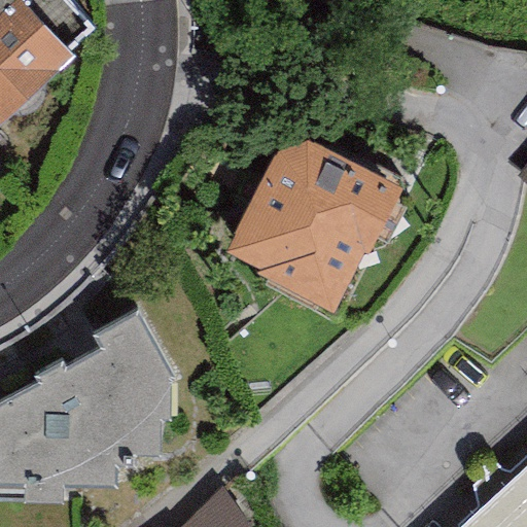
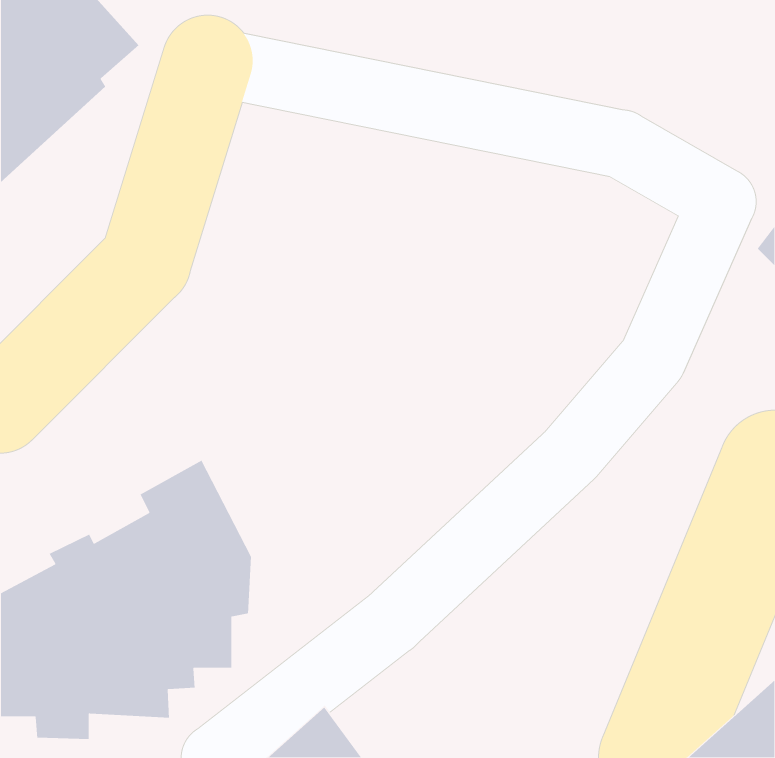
building: [224,141,402,314] -> none

